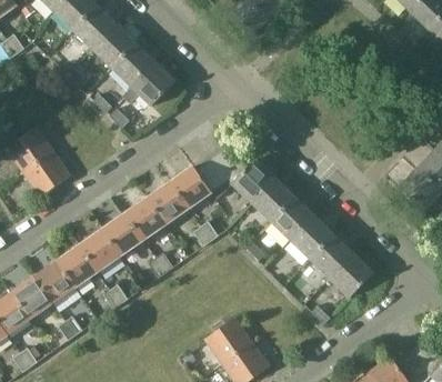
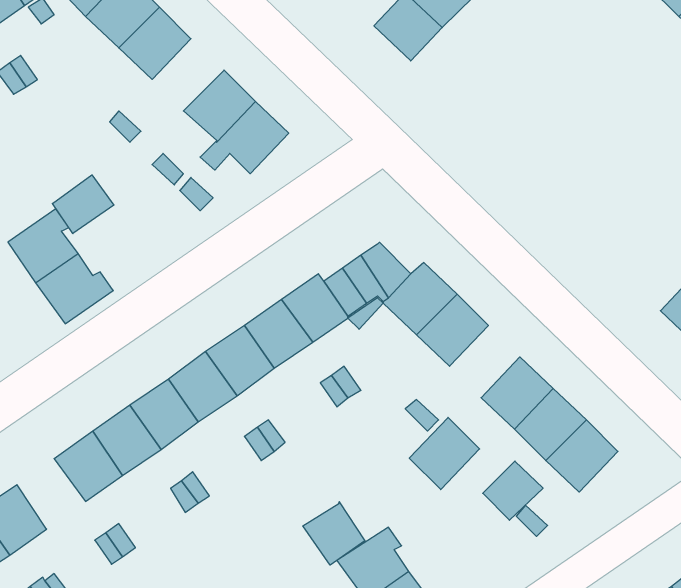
building: [93,26,137,69] -> none
building: none -> [52,175,114,234]
building: [272,198,314,241] -> [409,417,480,490]
building: [12,278,53,320] -> none
building: none -> [483,461,543,520]
building: none -> [303,502,365,565]

